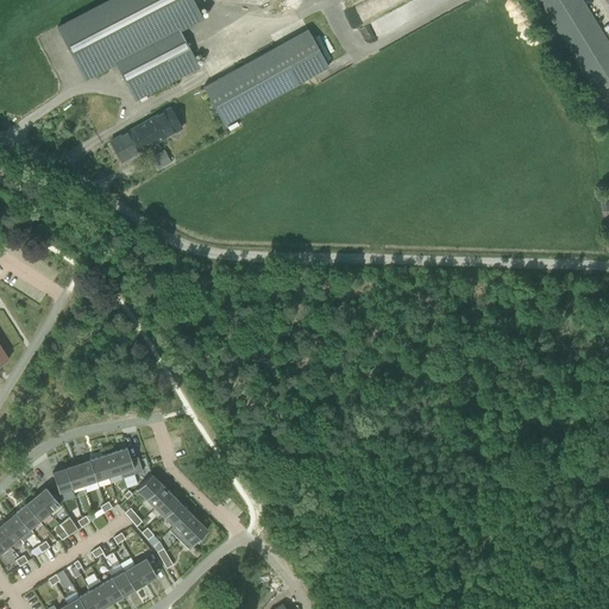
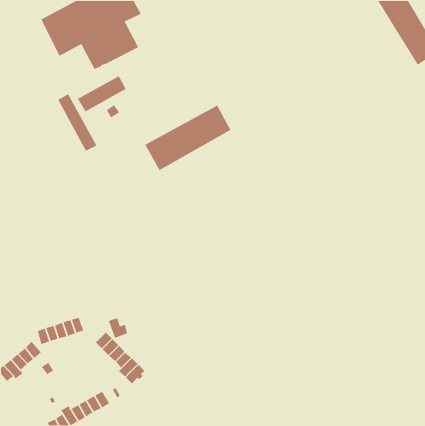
building: [203,30,328,125] -> [144,104,232,171]
building: none -> [57,93,97,152]
building: [114,447,143,478] -> [108,317,128,339]

